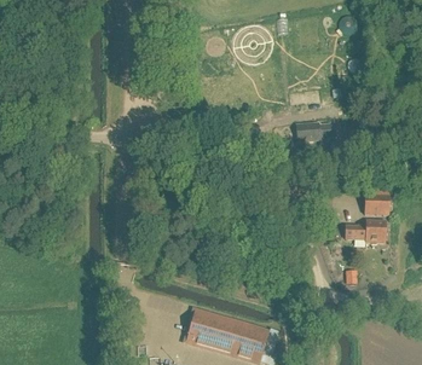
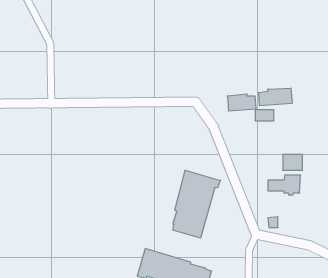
building: none -> [259,88,292,106]
building: none -> [173,170,220,238]

